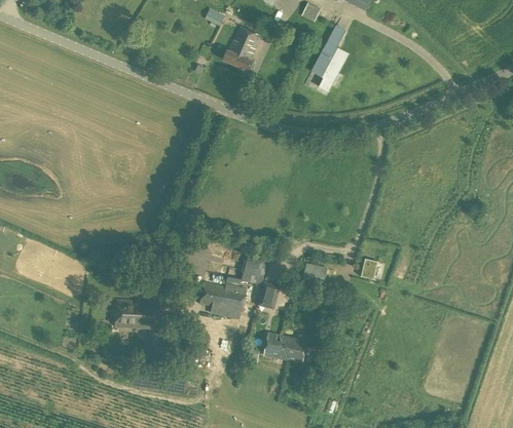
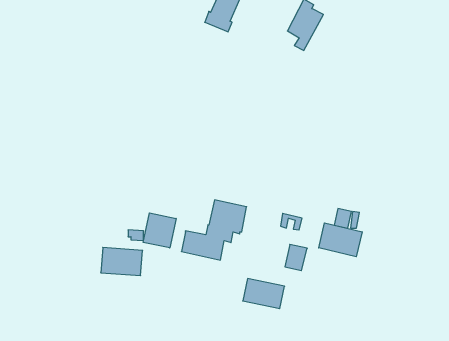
building: none -> [143,213,176,248]
building: none -> [319,223,362,257]
building: [257,282,281,310] -> [285,244,307,271]

